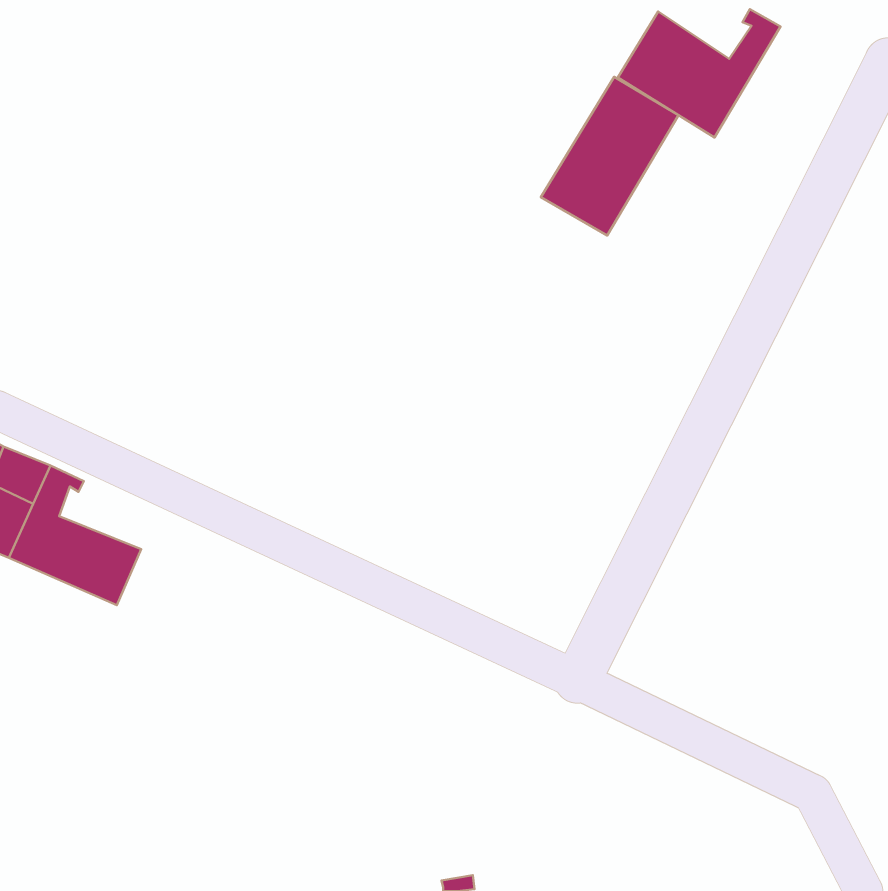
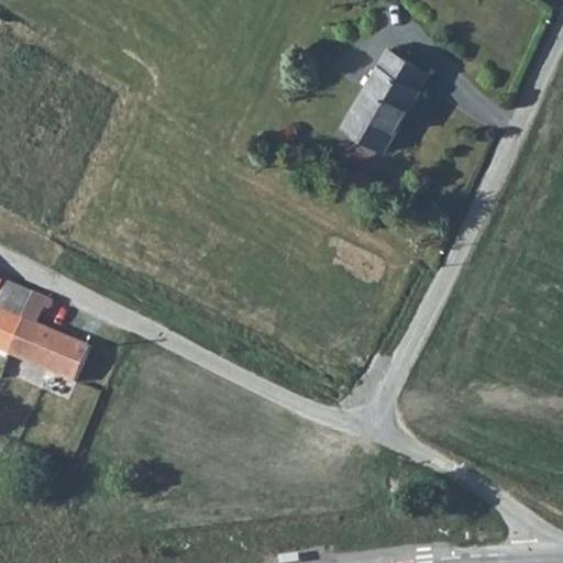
building: [618,9,780,137] -> none

